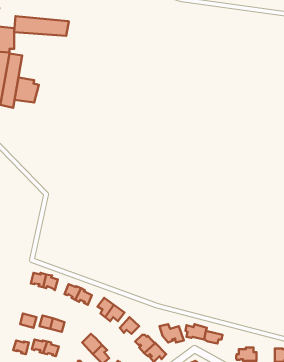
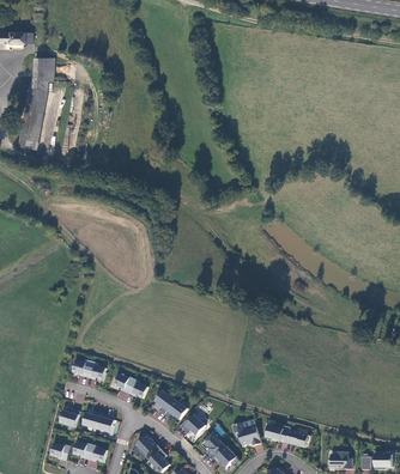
building: [14,16,69,36] -> none
building: [15,77,39,102] -> none

